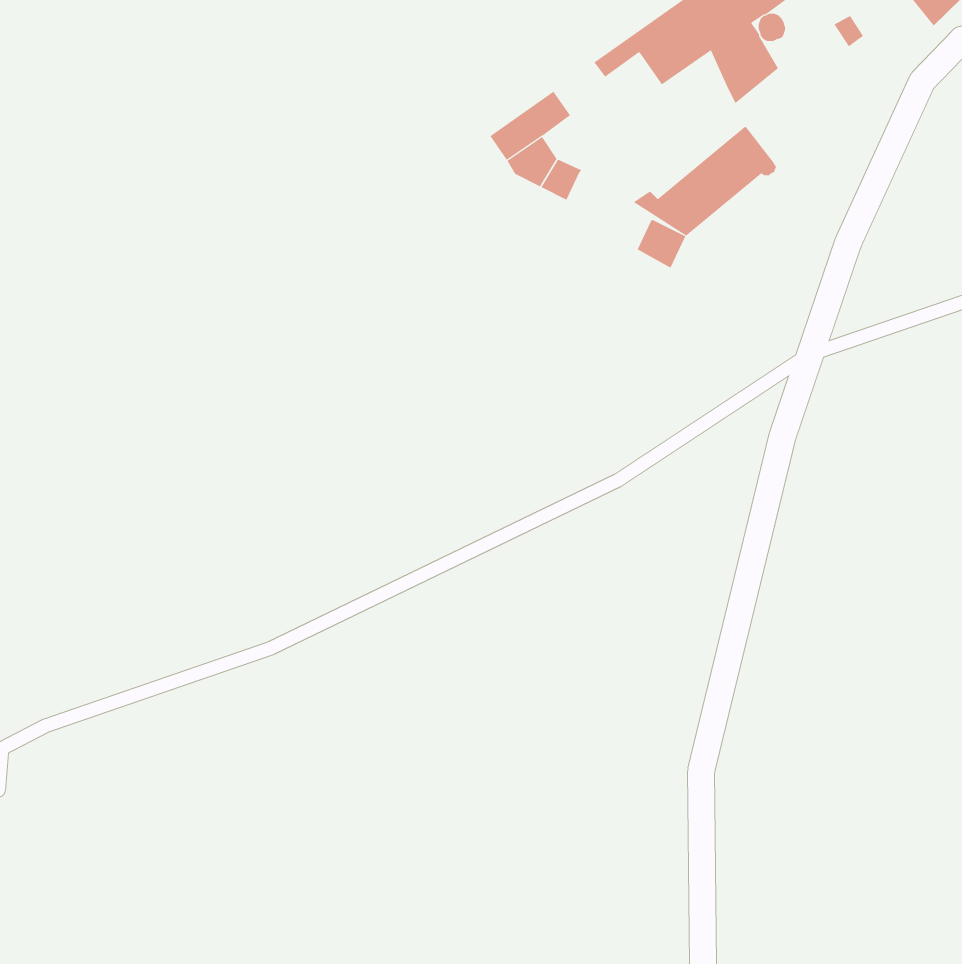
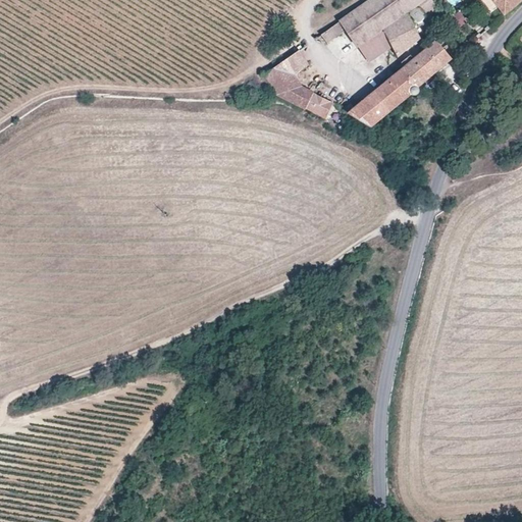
building: none -> [357,28,392,61]
building: none -> [402,41,451,87]
building: [637,219,686,268] -> [306,92,332,118]

